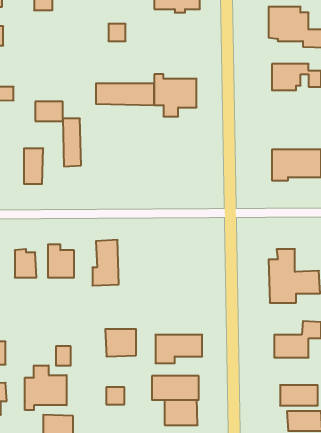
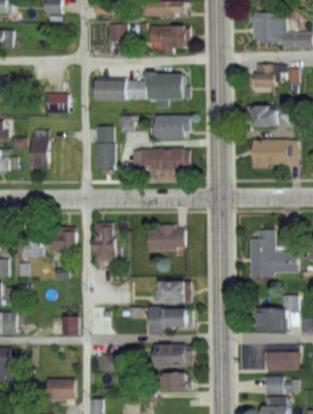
building: none -> [150,24,191,52]
building: none -> [246,104,288,125]
building: [63,119,81,166] -> [96,127,113,170]
building: none -> [157,117,191,139]
building: none -> [143,150,185,171]
building: none -> [147,223,184,254]
building: [105,329,136,356] -> [156,278,184,302]
building: [25,365,67,410] -> none

